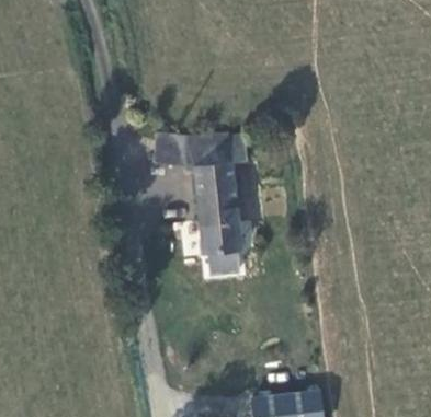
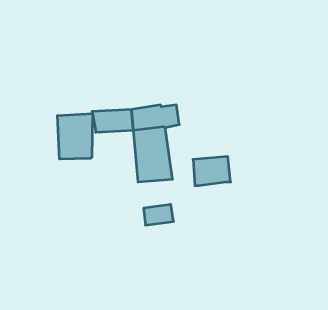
building: none -> [57,114,92,159]
building: [200,221,243,255] -> [193,157,231,186]

